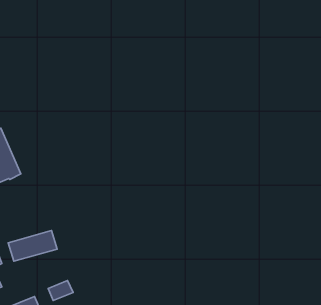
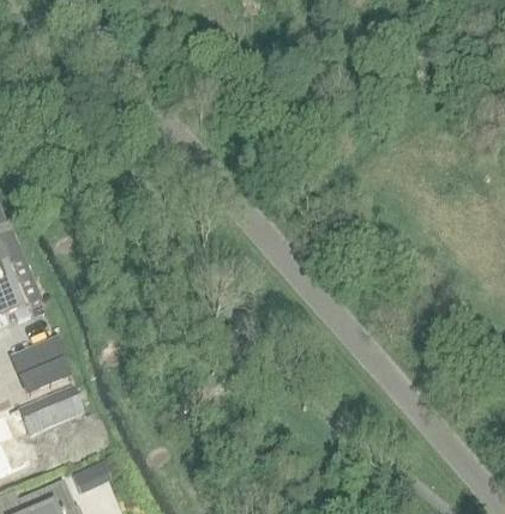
building: none -> [14,335,78,397]

